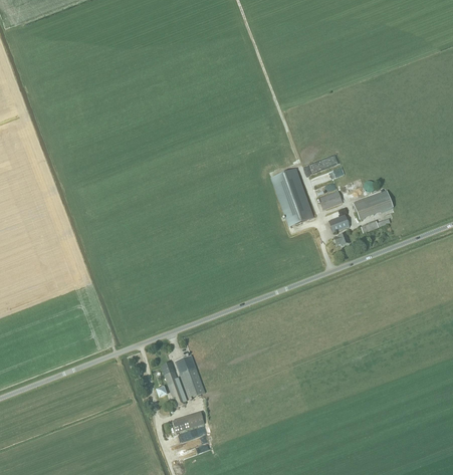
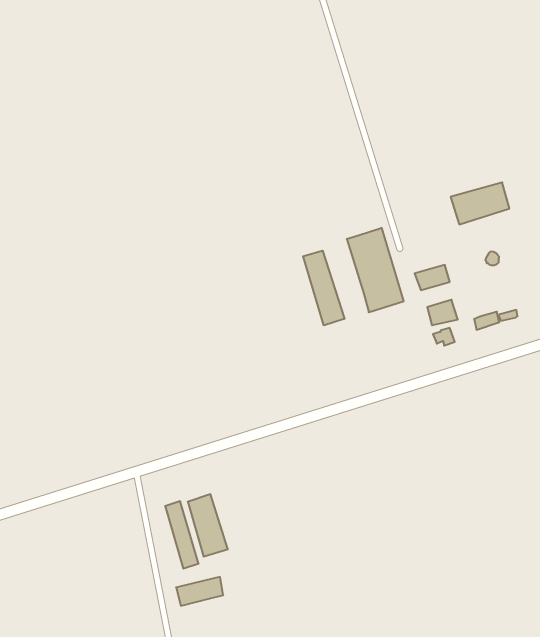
building: none -> [303,251,344,325]
building: [353,190,393,220] -> [451,182,509,224]

